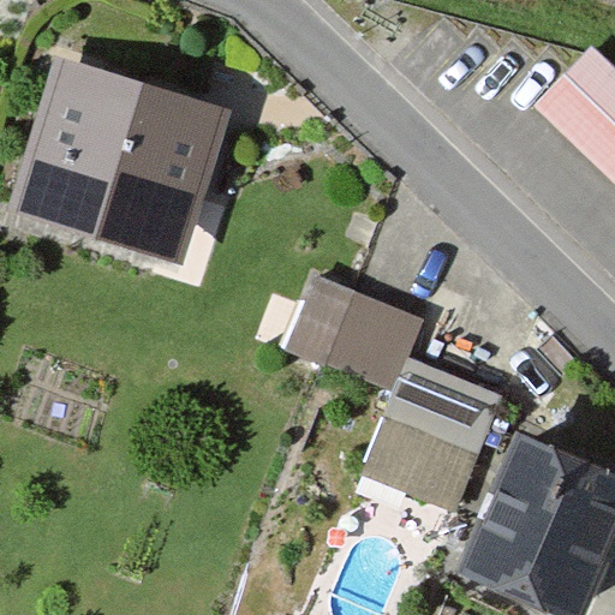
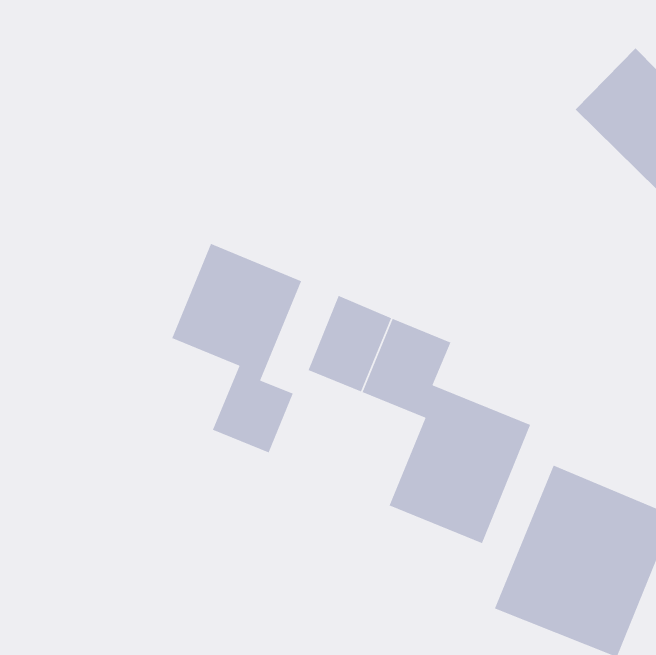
building: [16,60,228,261] -> none
building: none -> [171,243,302,454]

